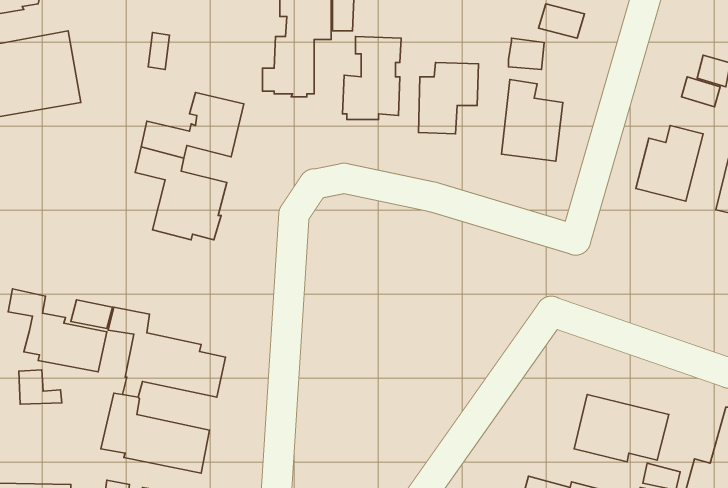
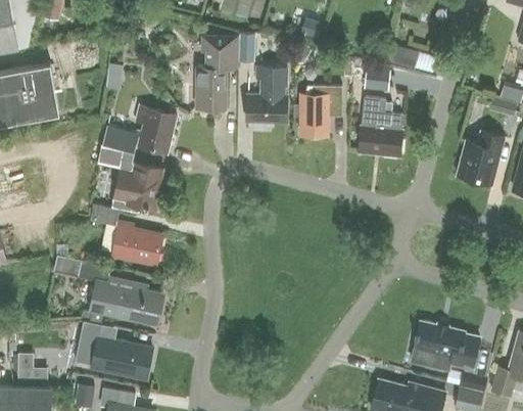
building: [8,289,107,372] -> [91,205,161,265]
building: [19,370,62,404] -> [18,351,49,375]

